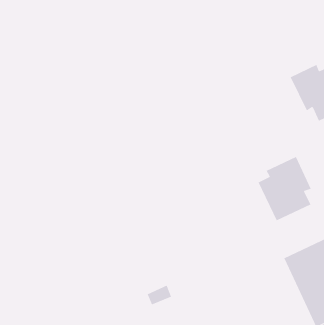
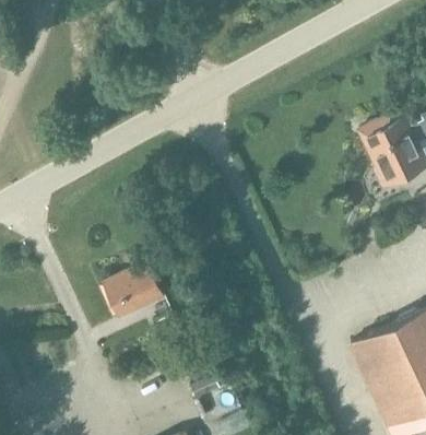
building: [258,156,312,221] -> none
building: none -> [102,262,165,319]

